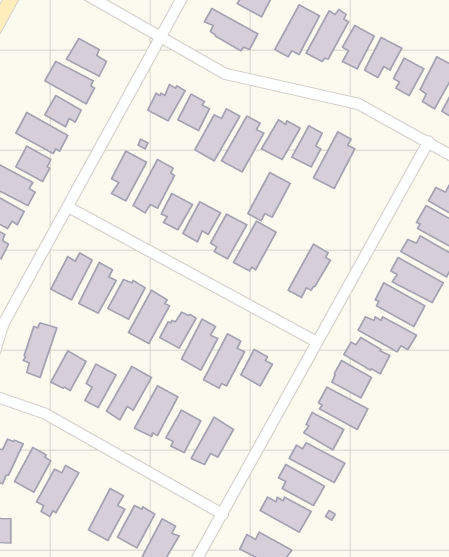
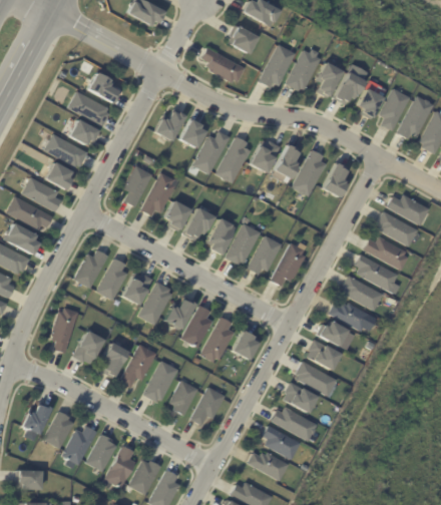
building: none -> [322,162,346,197]
building: [248,173,290,221] -> [248,234,283,275]
building: none -> [86,434,117,473]

